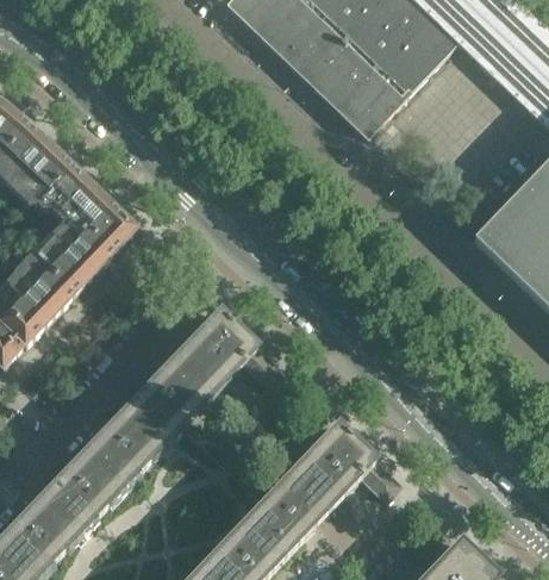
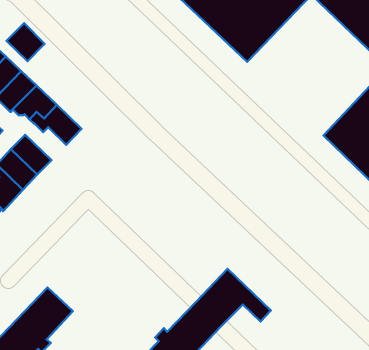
building: none -> [6,23,44,61]
building: [55,220,112,273] -> none
building: [86,311,280,485] -> none

